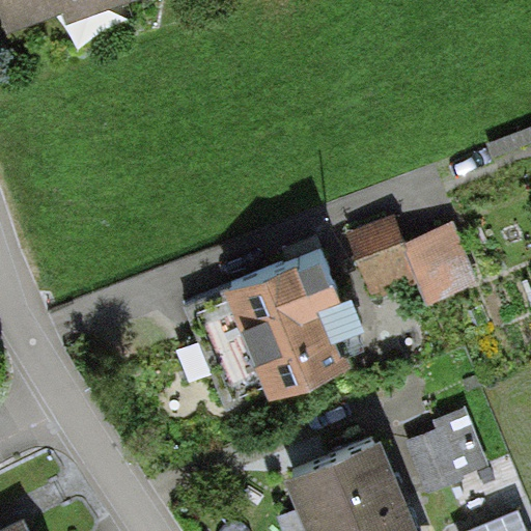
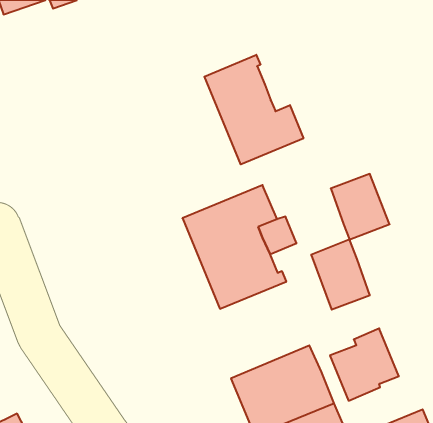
building: none -> [204,55,303,164]
building: [346,221,418,306] -> [311,240,370,310]

